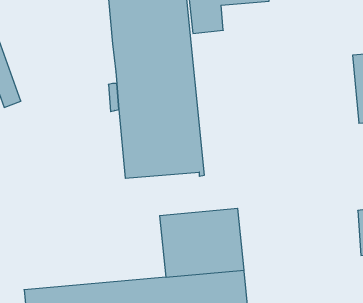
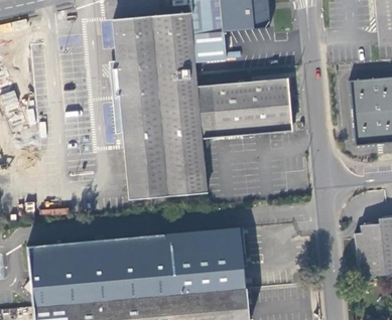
building: none -> [198,79,291,137]
building: none -> [27,234,169,306]

